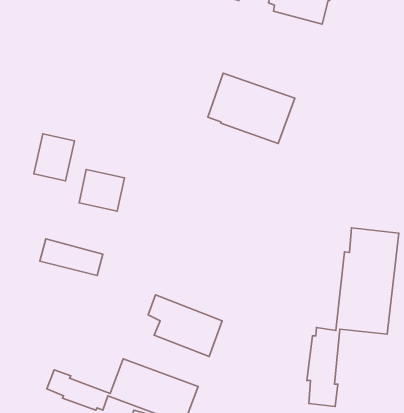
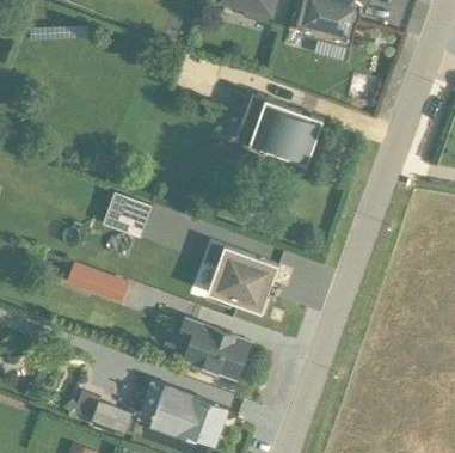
building: [34,134,74,181] -> none
building: none -> [199,240,277,313]
building: [307,228,399,407] -> none

